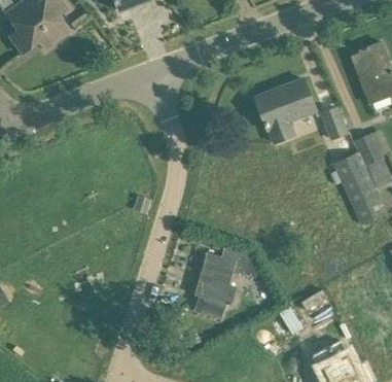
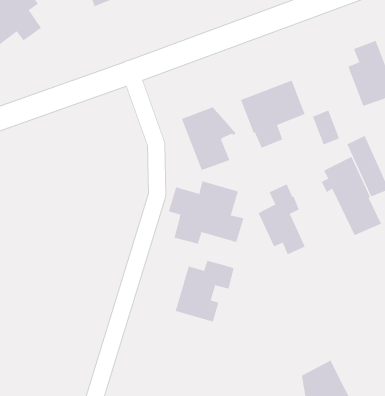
building: none -> [181,107,237,171]
building: none -> [168,180,244,245]
building: none -> [258,183,305,255]

